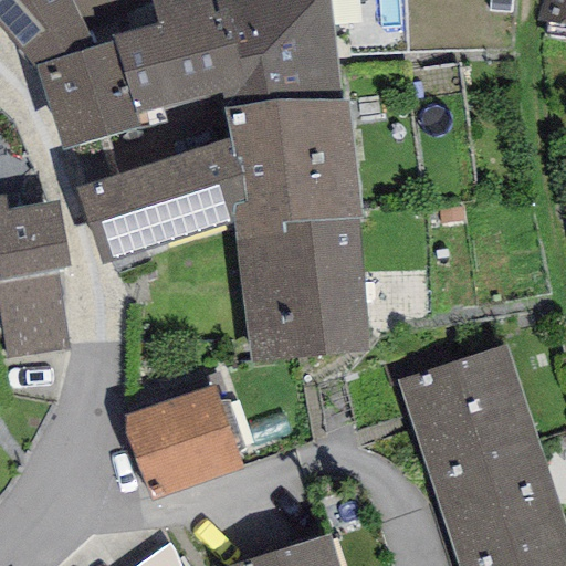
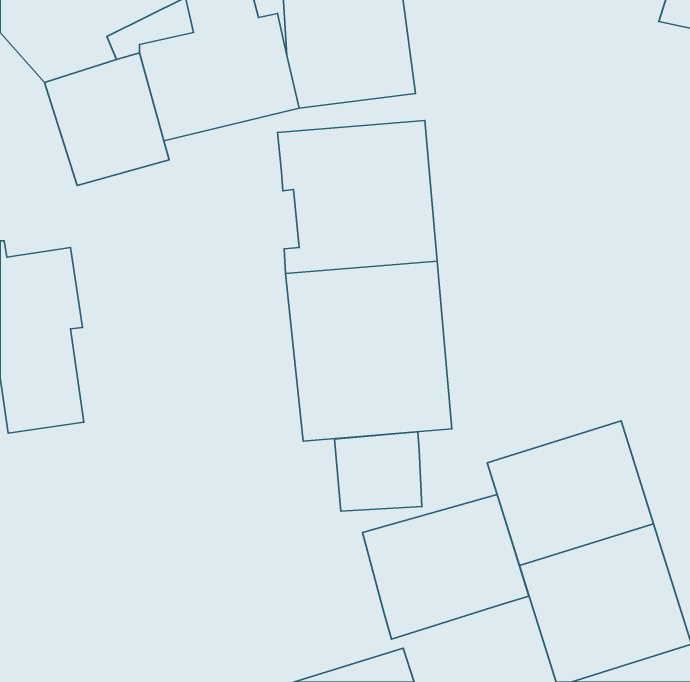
building: [77,140,245,264] -> none
building: none -> [334,432,422,511]
building: [123,384,242,499] -> none
building: none -> [362,495,529,639]

